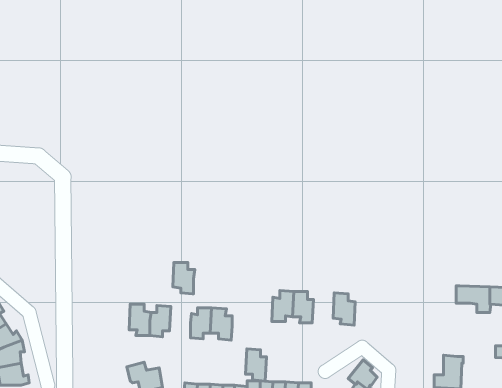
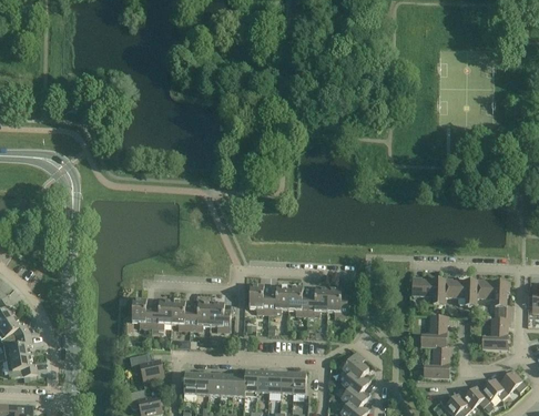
building: [173,263,195,294] -> [170,300,191,329]
building: none -> [411,276,445,304]
building: none -> [306,286,327,316]
building: none -> [419,315,448,347]
building: [246,349,266,381] -> [248,283,268,314]

